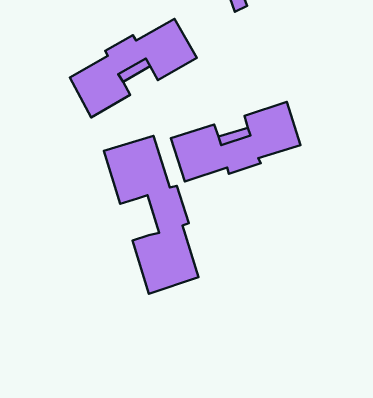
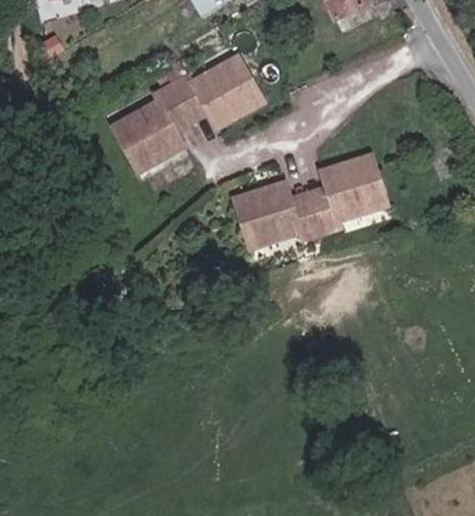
building: [104,136,199,294] -> none

